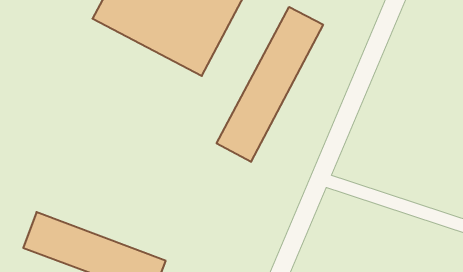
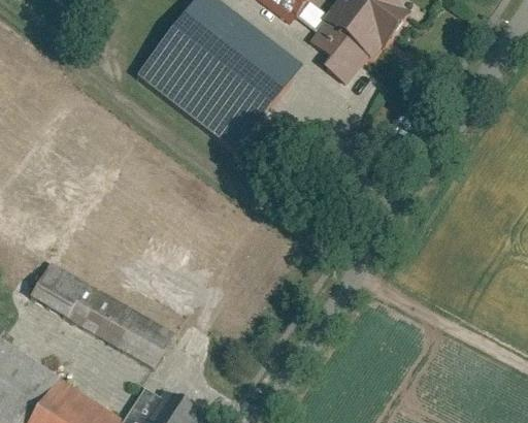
building: [217,7,323,162] -> none

